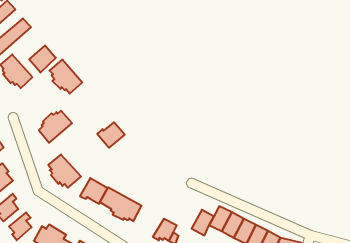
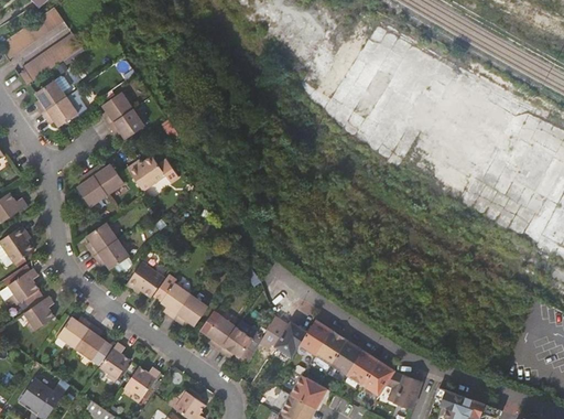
building: [29,45,56,73] -> none
building: [97,122,125,148] -> [128,157,165,191]
building: none -> [200,310,237,350]

